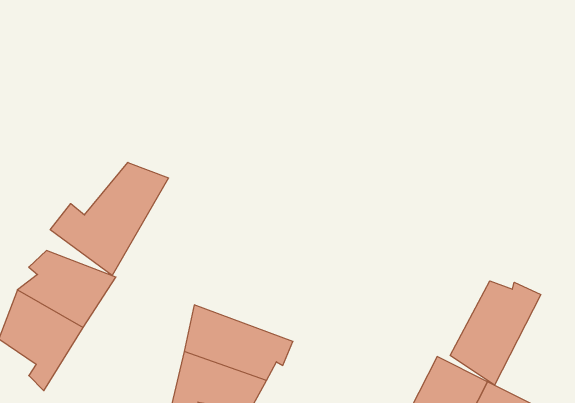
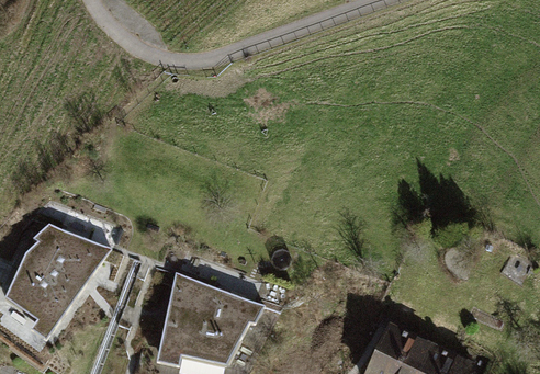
building: [50,162,169,276] -> none
building: [450,281,541,385] -> none

